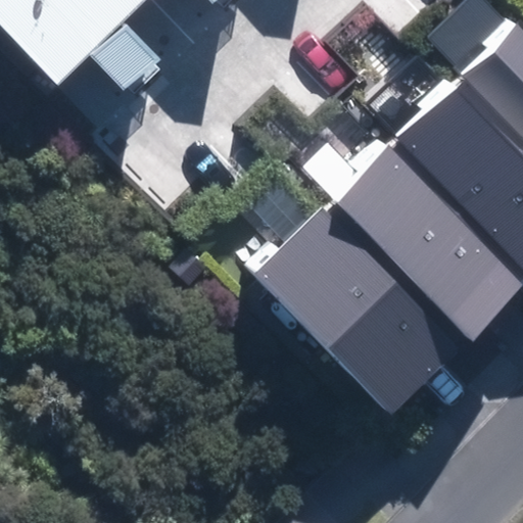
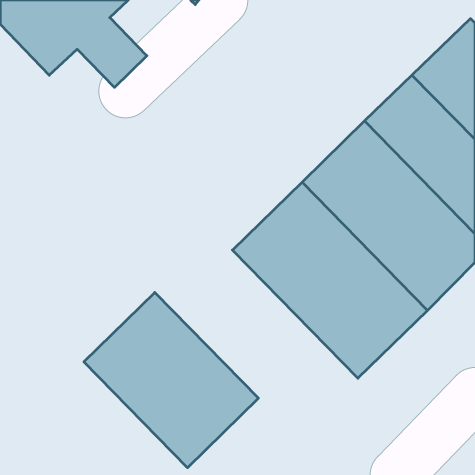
building: none -> [84,292,258,468]

